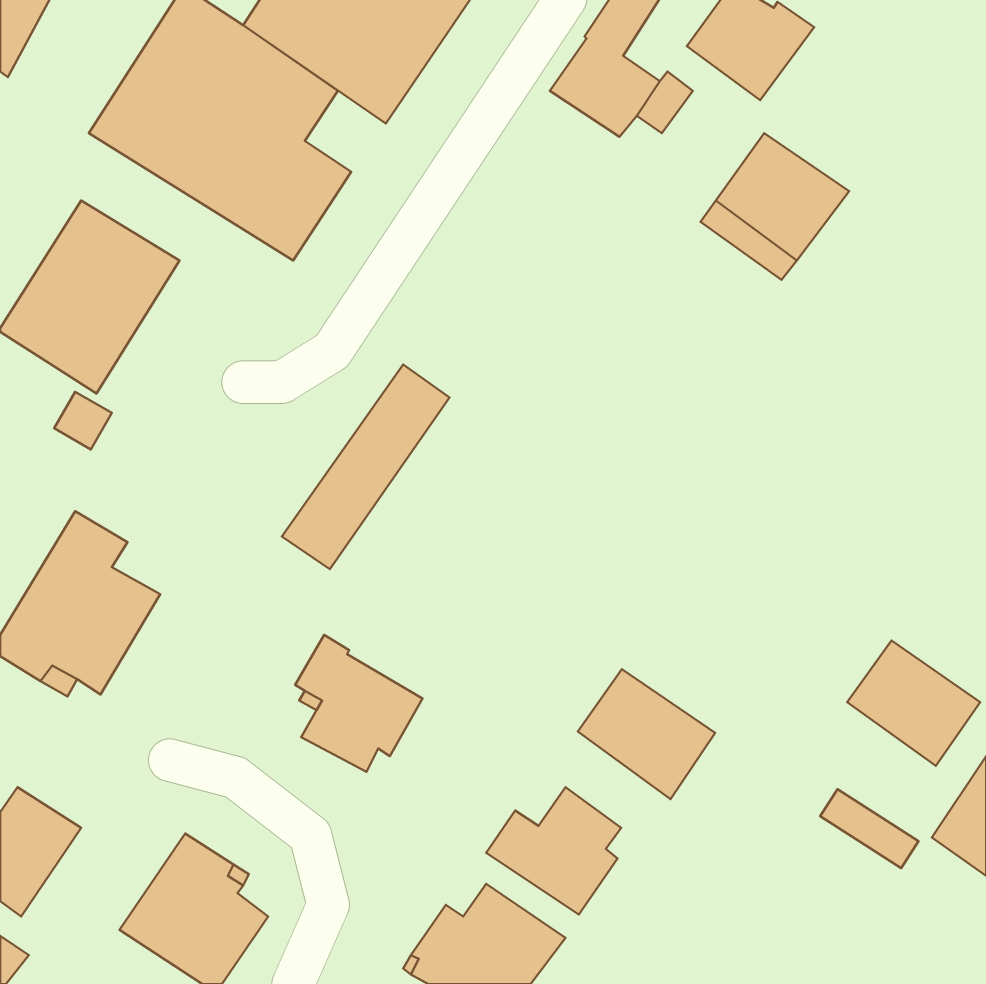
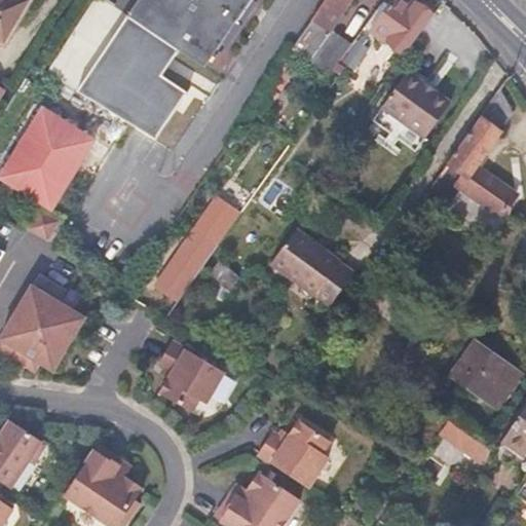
building: none -> [428,87,521,220]
building: none -> [270,227,355,306]
building: [578,669,715,799] -> none

